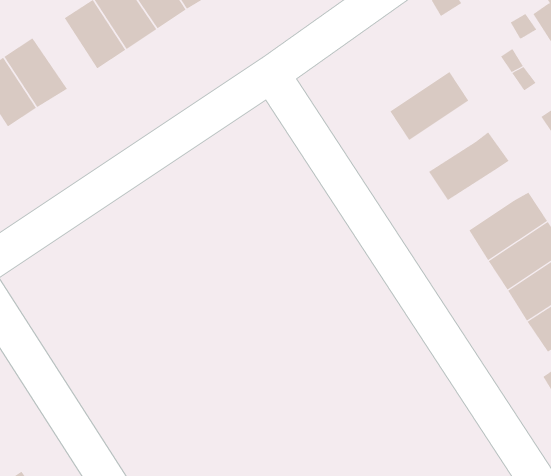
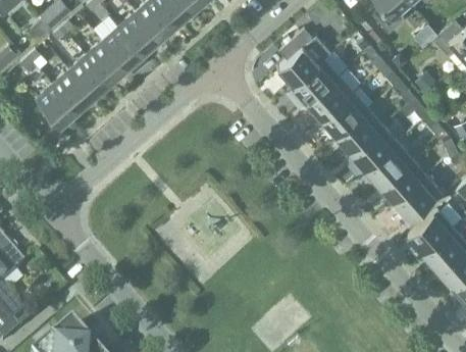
building: none -> [67,56,109,99]
building: none -> [276,30,329,87]
building: none -> [306,73,354,120]
building: none -> [334,107,383,153]

